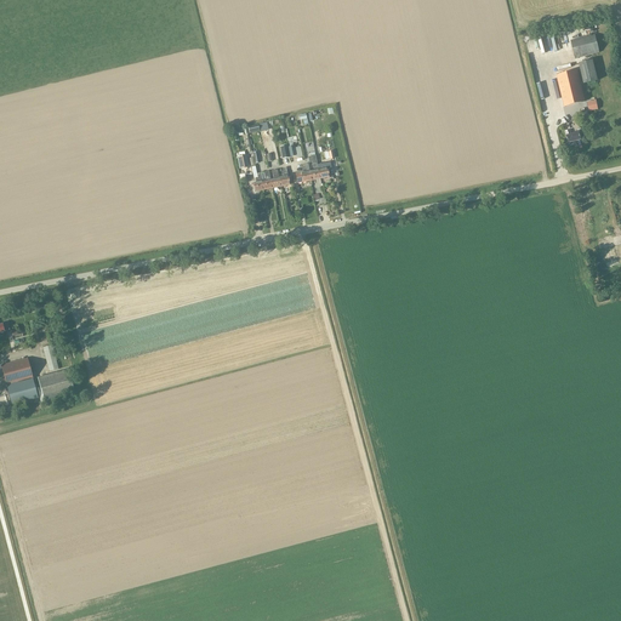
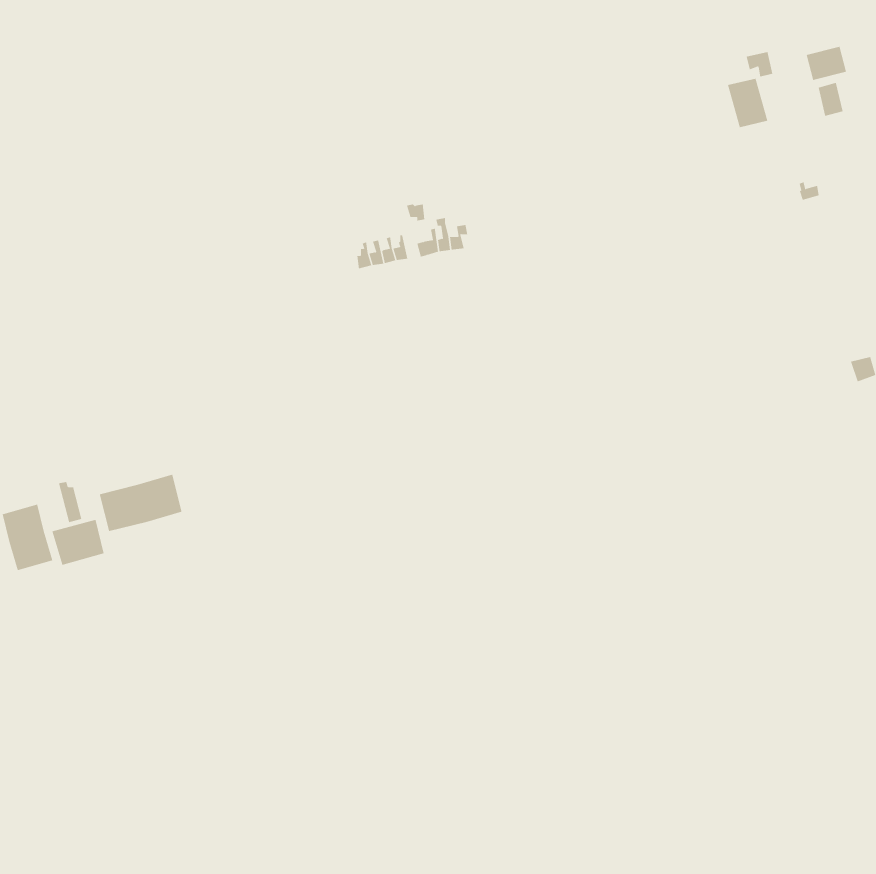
building: [556,69,585,104] -> [727,78,768,128]
building: none -> [99,474,182,532]

